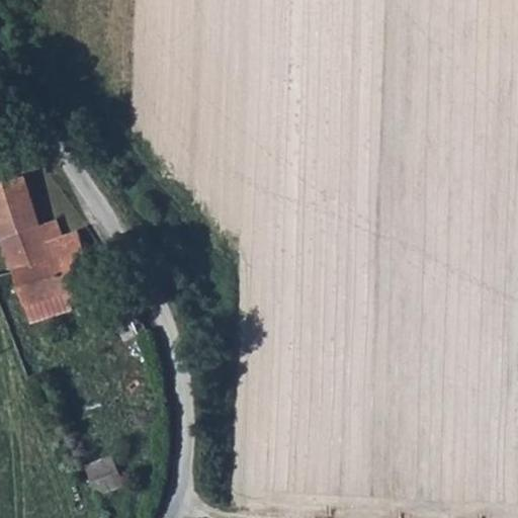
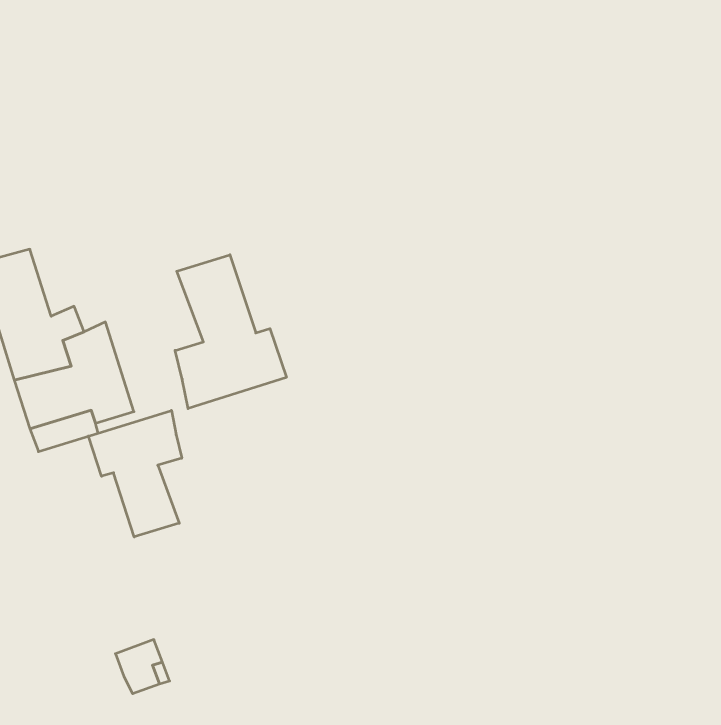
building: none -> [175,255,286,409]
building: none -> [88,410,182,537]

